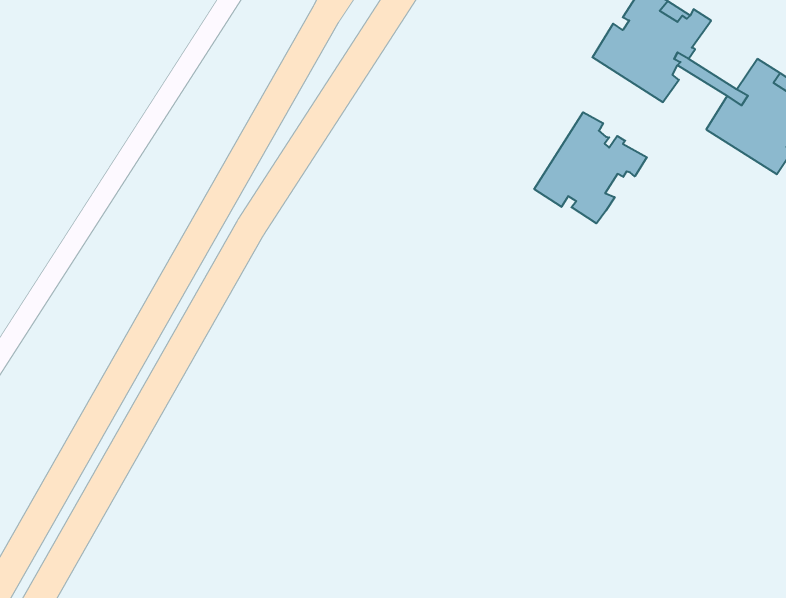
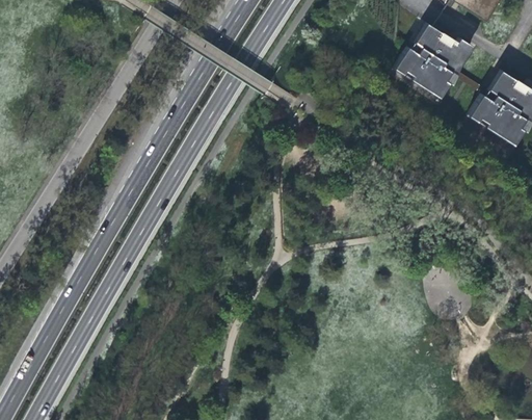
building: [534,112,647,223] -> none

